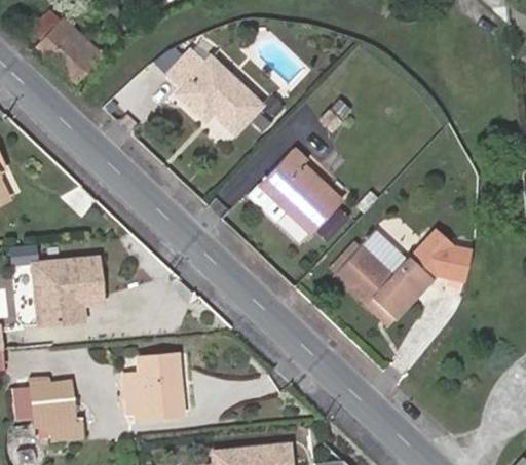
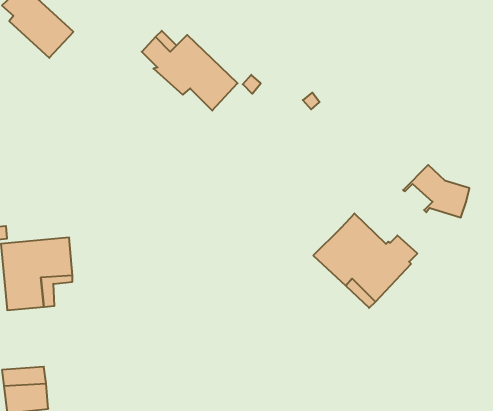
building: [262,148,342,231] -> none
building: [409,234,474,285] -> [403,165,469,217]
building: [125,353,184,416] -> none

